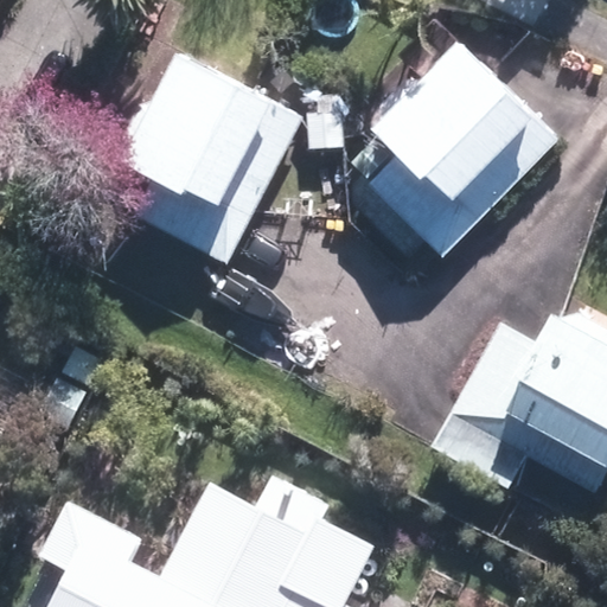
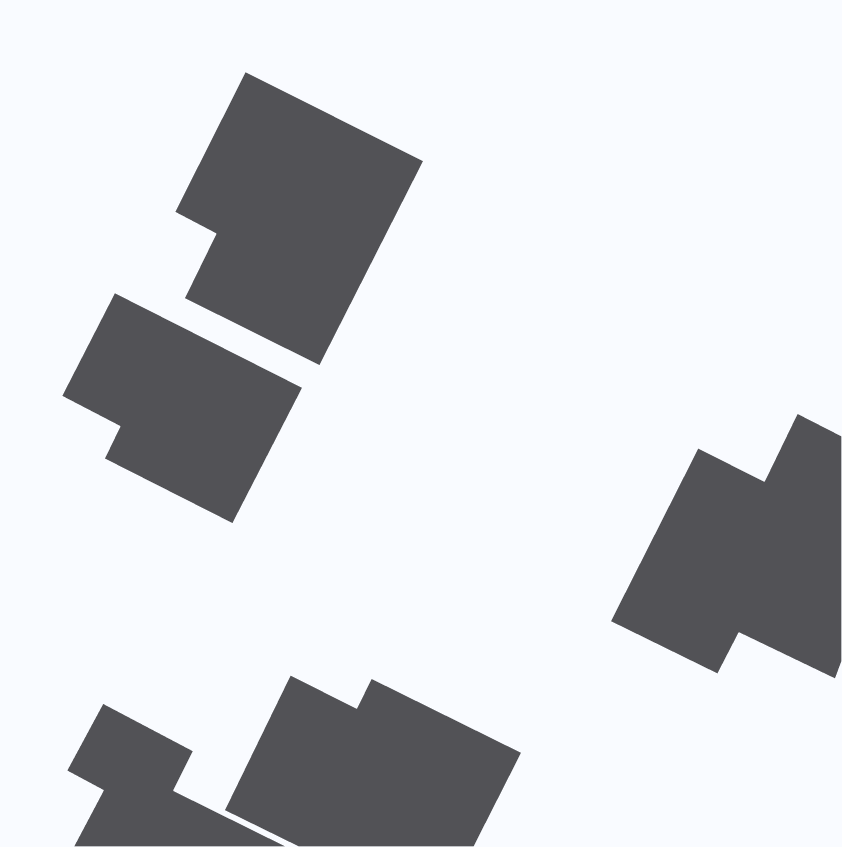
building: [354,41,556,257] -> none
building: none -> [61,292,303,524]

